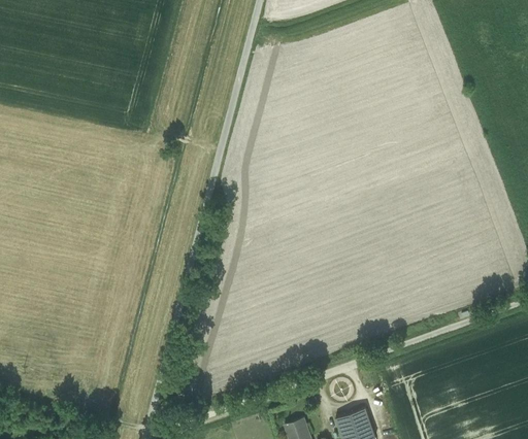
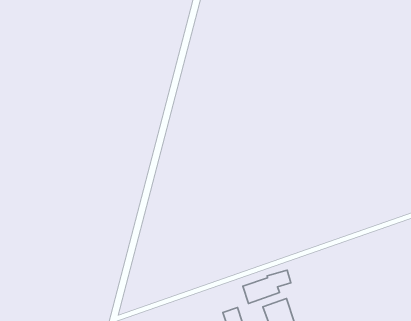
building: none -> [243,270,291,303]

